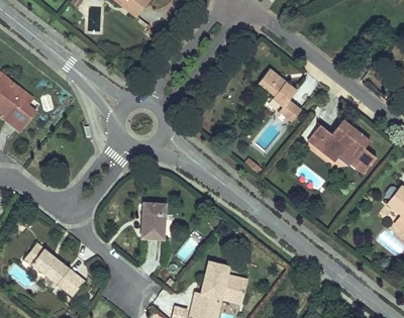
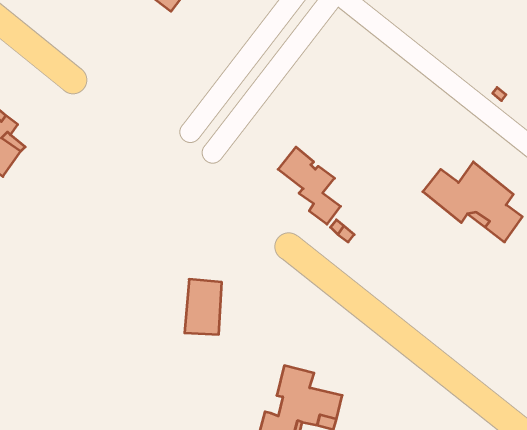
building: [257,70,299,122] -> [278,147,341,224]
building: [25,242,86,297] -> none

